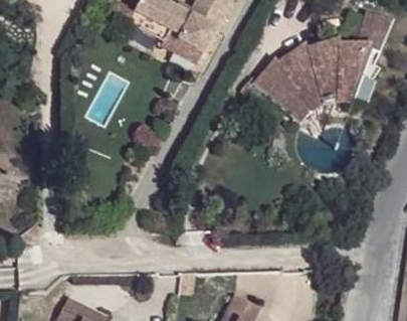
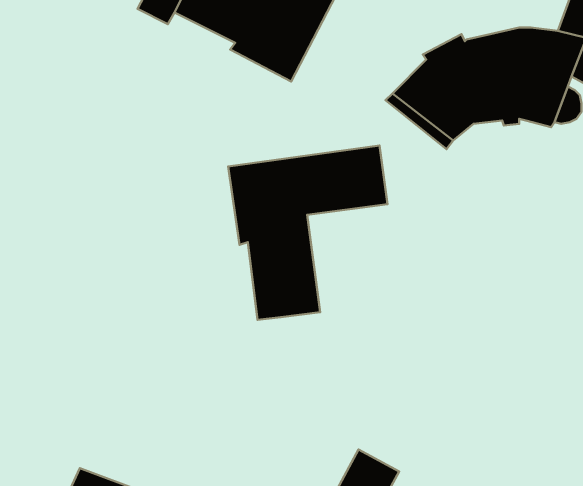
building: none -> [228,146,388,320]

